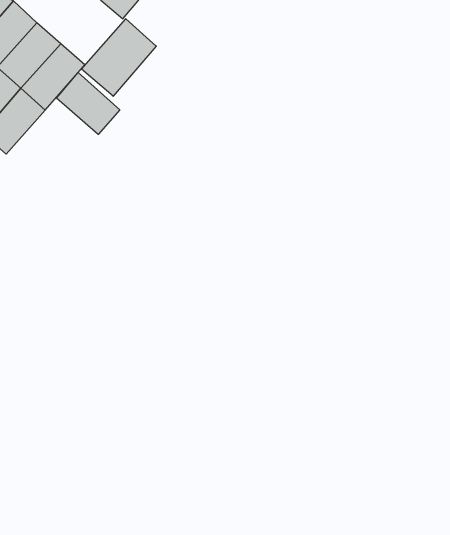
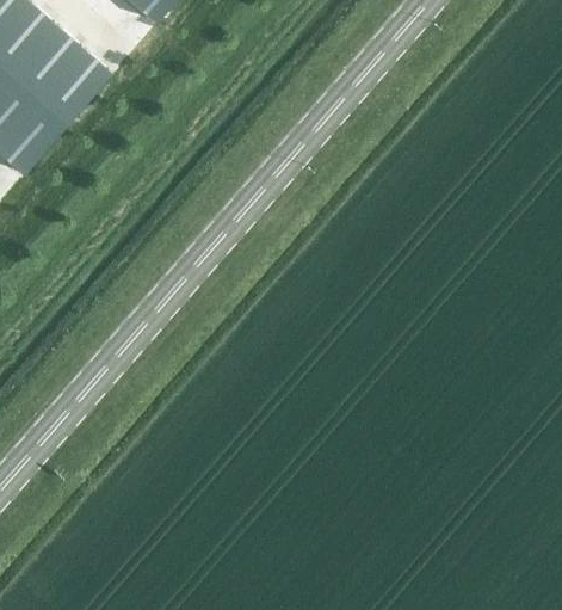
building: [81,19,156,96] -> none
building: [57,73,120,134] -> none

